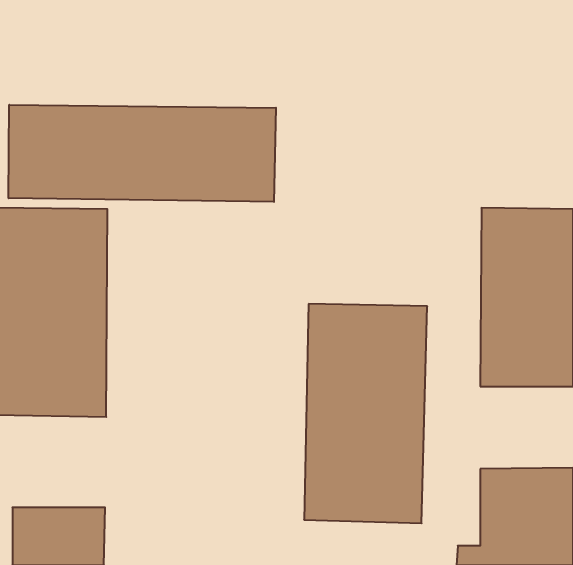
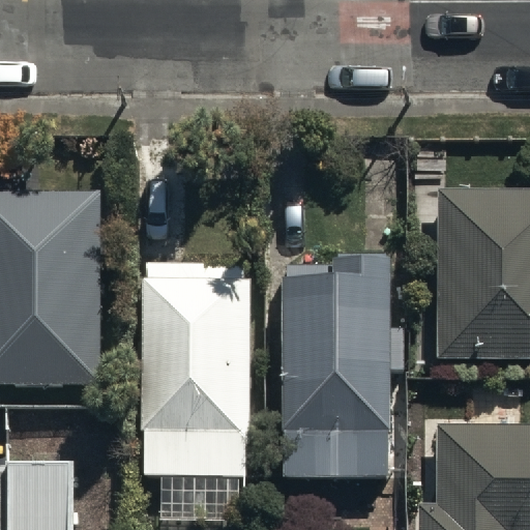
building: [9,105,276,202] -> none
building: none -> [141,276,249,468]

